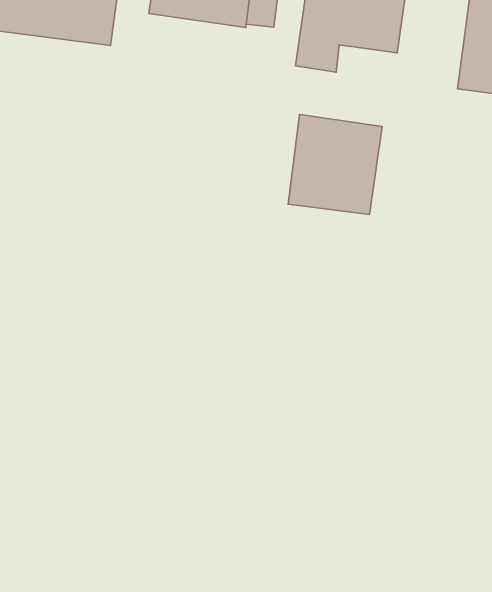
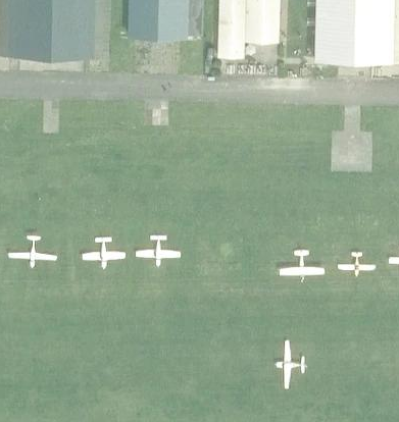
building: [288,115,382,214] -> none

